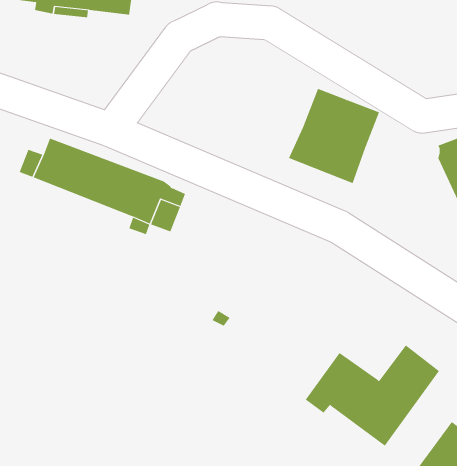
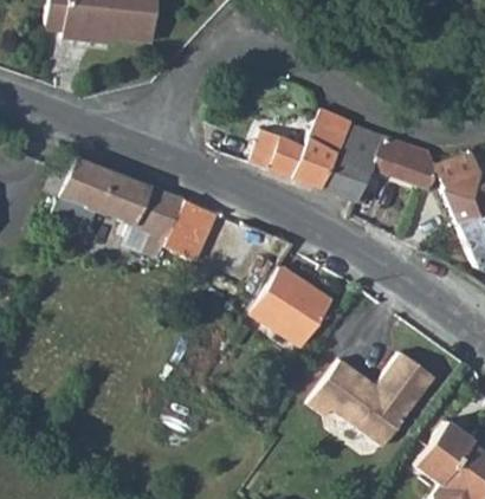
building: none -> [253,130,310,177]
building: none -> [369,135,436,188]
building: none -> [252,268,332,346]

